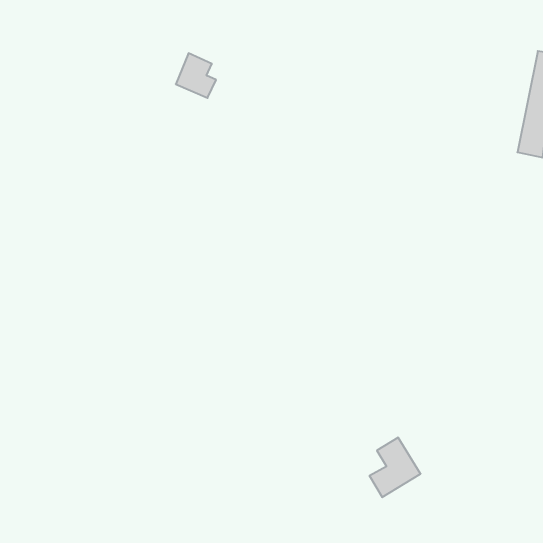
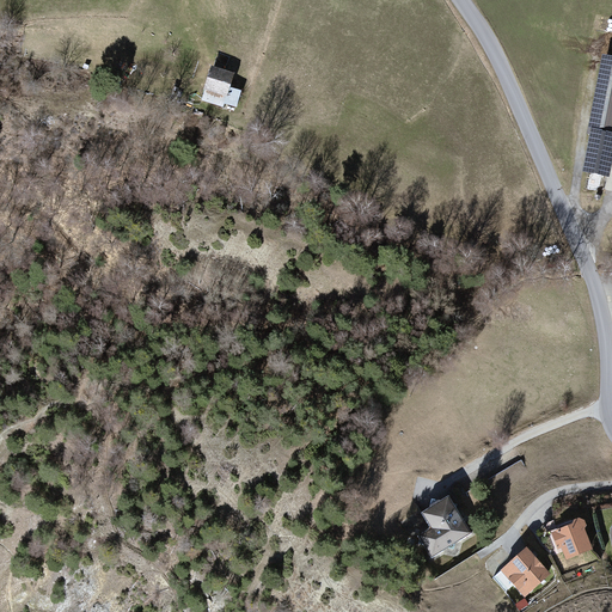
building: none -> [552,515,596,563]
building: none -> [497,545,557,606]

